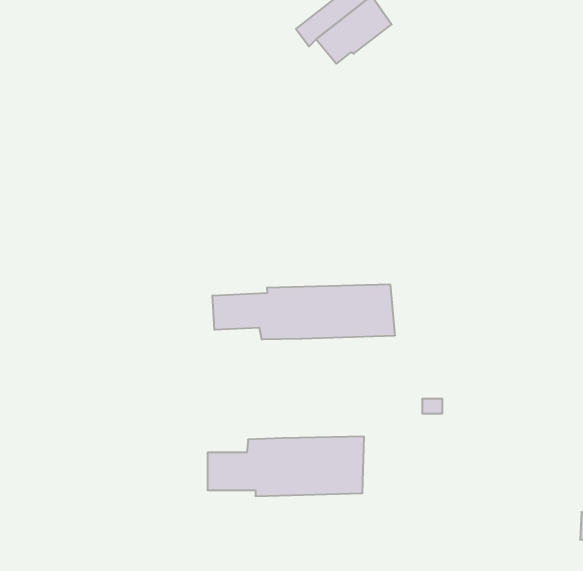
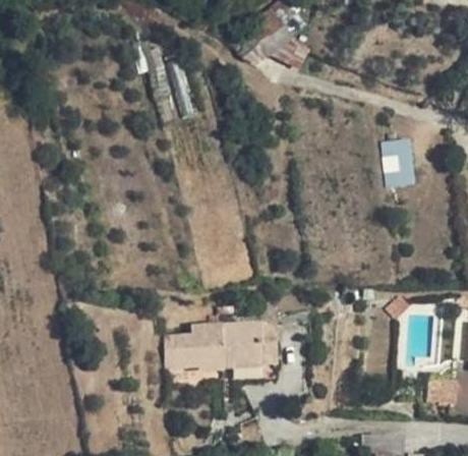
building: none -> [383,136,417,184]
building: [213,284,395,340] -> none

